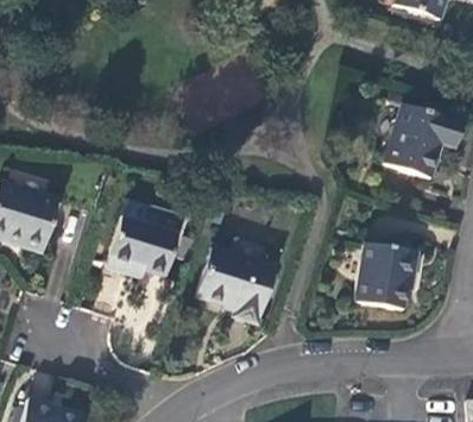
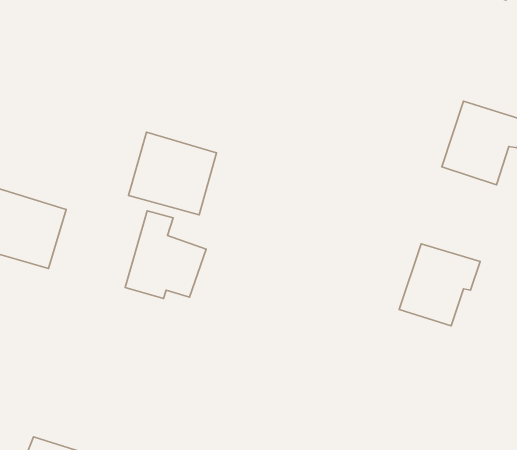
building: none -> [129,132,217,215]
building: [197,246,277,315] -> none

